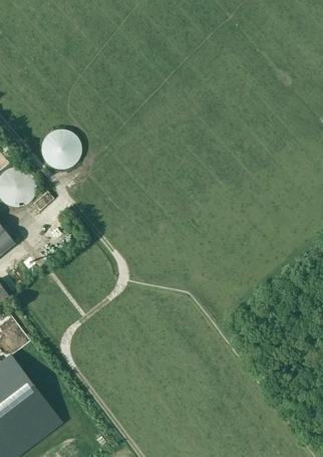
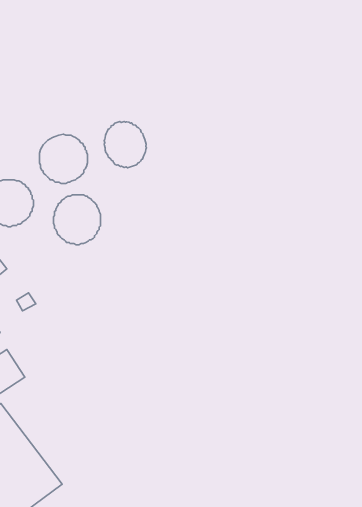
building: none -> [104,121,146,168]
building: none -> [53,195,100,245]

